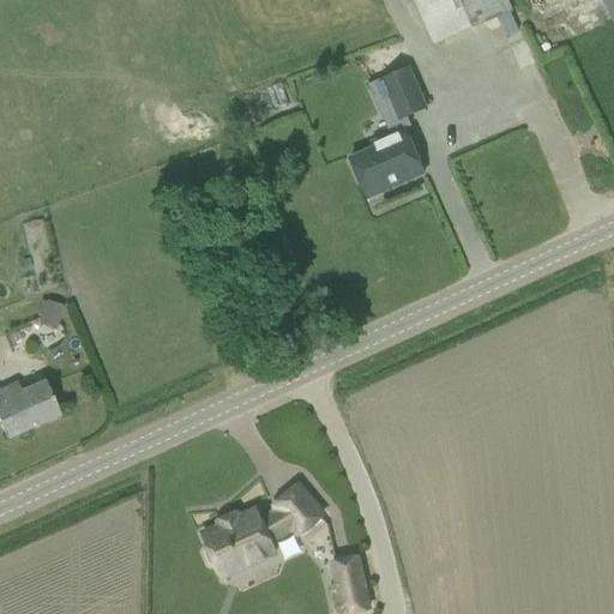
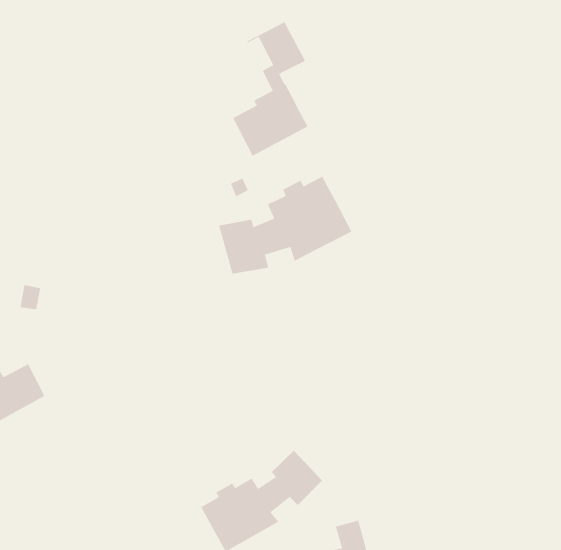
building: [350,65,427,195] -> [232,21,309,157]
building: none -> [218,175,352,275]

